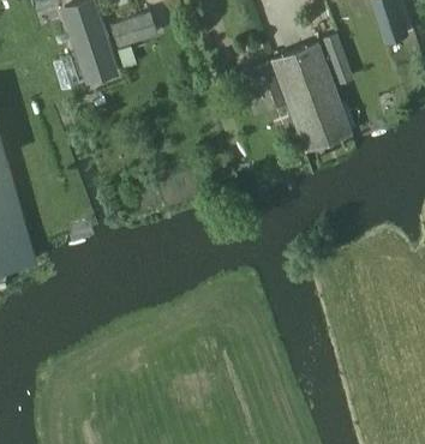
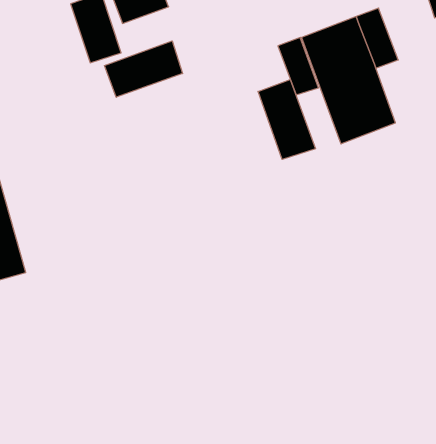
building: none -> [104,41,183,97]
building: none -> [258,79,315,159]

